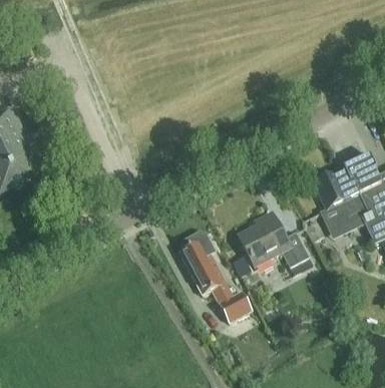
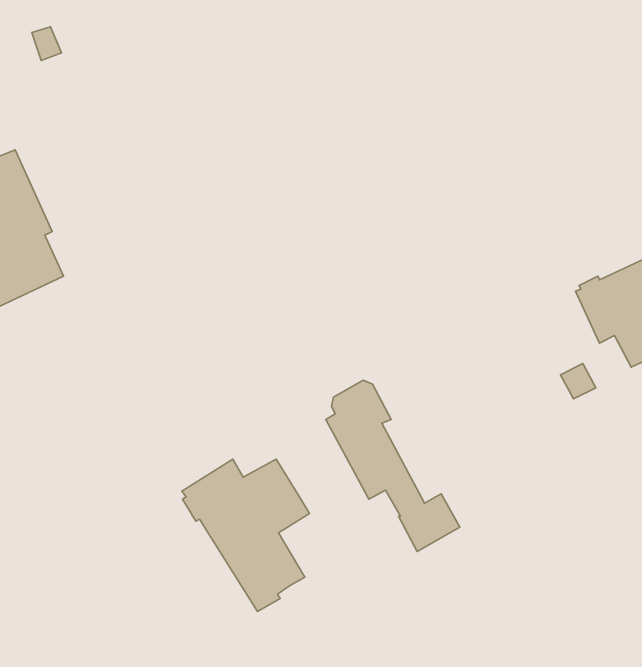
building: [239,213,312,274] -> none
building: none -> [182,459,309,612]

